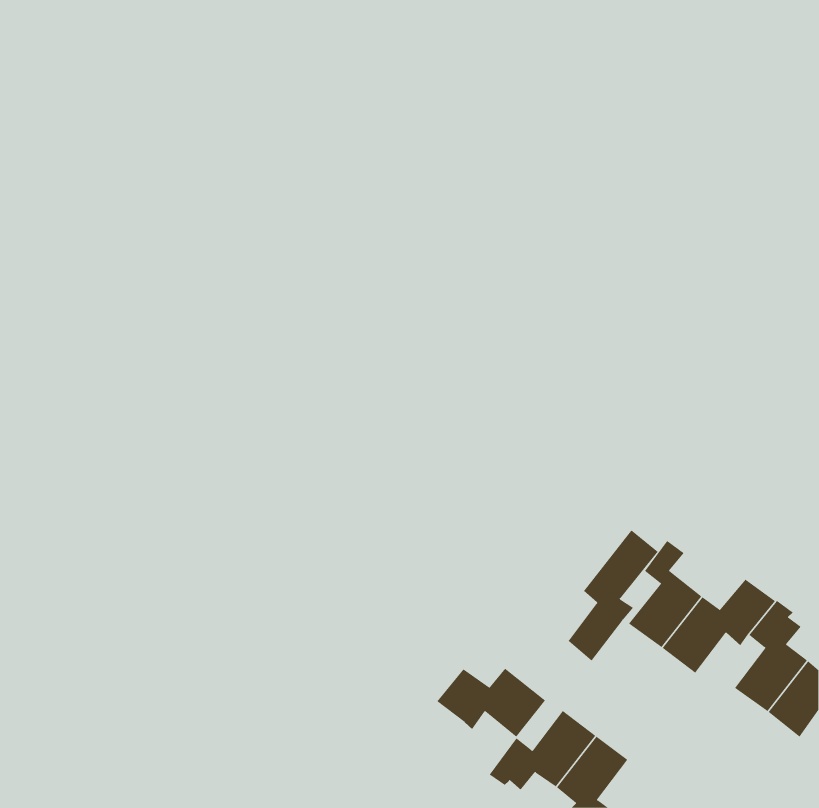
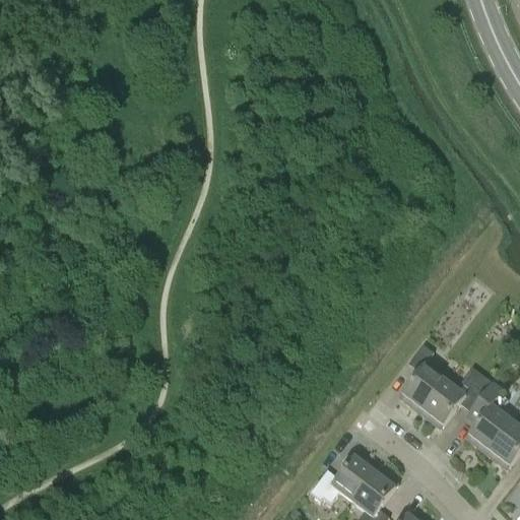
building: [568,530,658,661] -> none
building: [436,668,546,737] -> none

